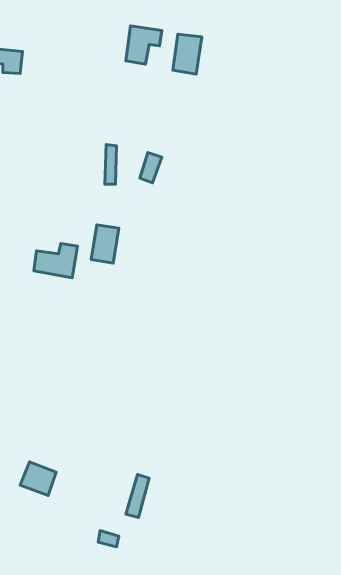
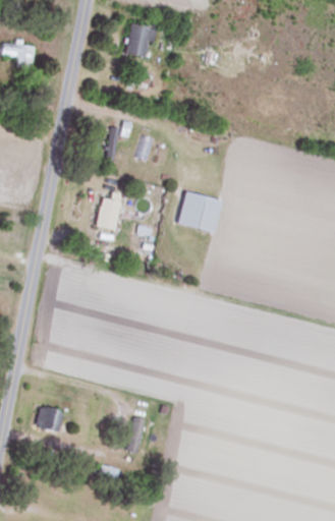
building: [173,34,202,74] -> none
building: none -> [177,191,221,233]
building: [34,243,78,278] -> none

